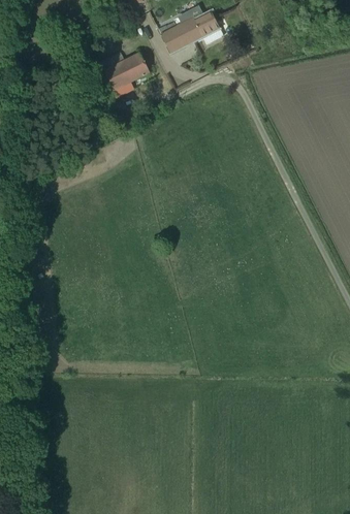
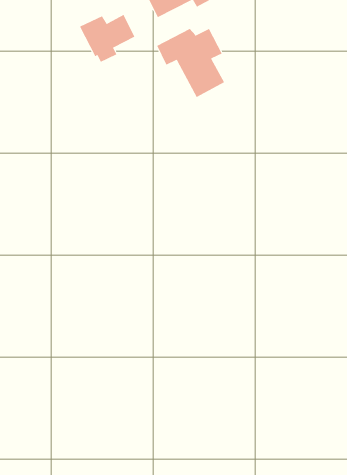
building: none -> [157,28,225,98]

